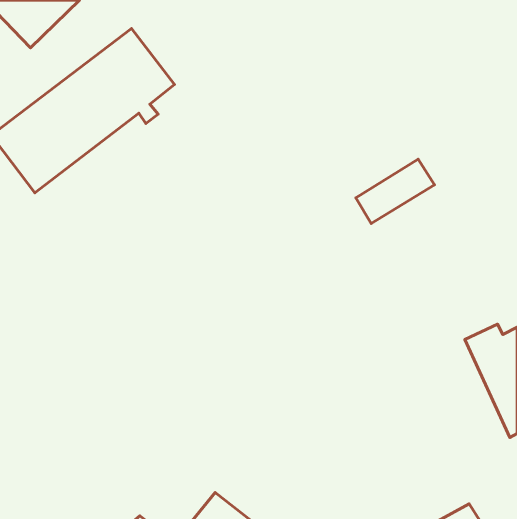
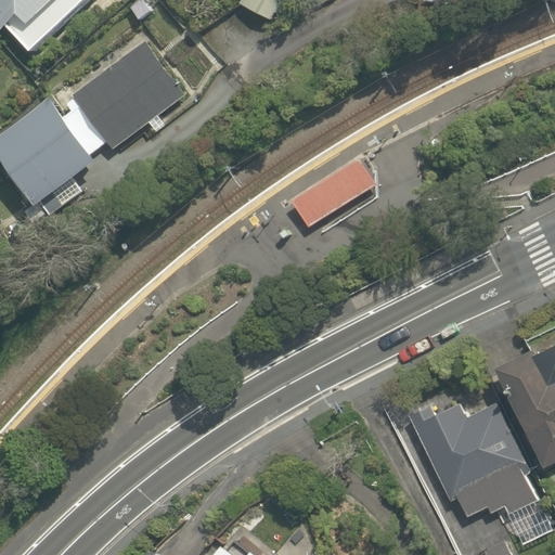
building: [356,159,434,223] -> [292,159,375,228]
building: none -> [403,393,543,522]

